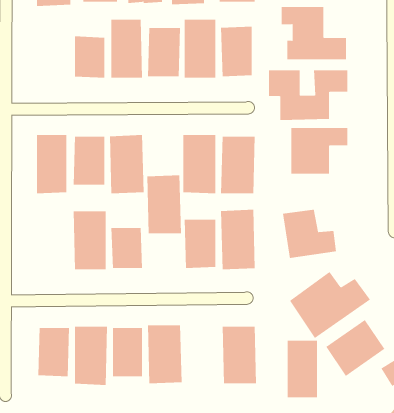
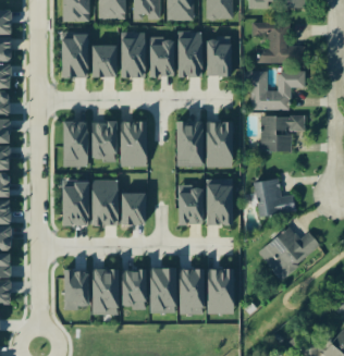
building: none -> [61,33,88,77]
building: [147,175,182,234] -> [62,180,89,225]
building: [326,319,385,377] -> none
building: [287,340,318,398] -> [180,269,204,314]

